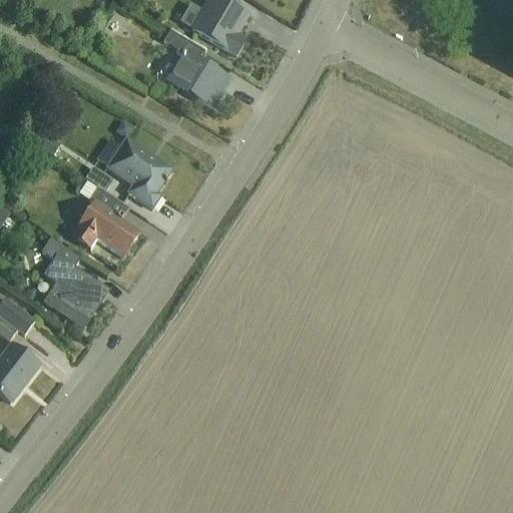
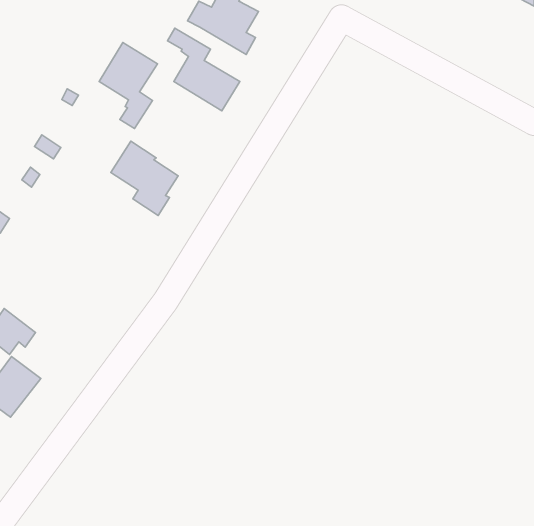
building: none -> [99,43,158,129]
building: [71,184,139,254] -> none
building: [41,236,104,324] -> none

